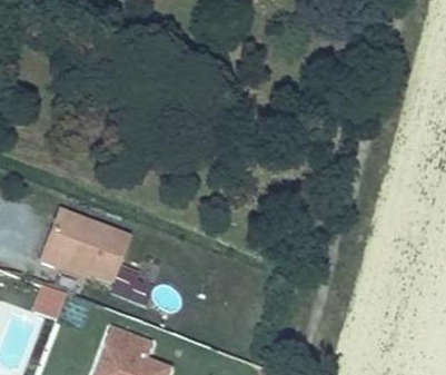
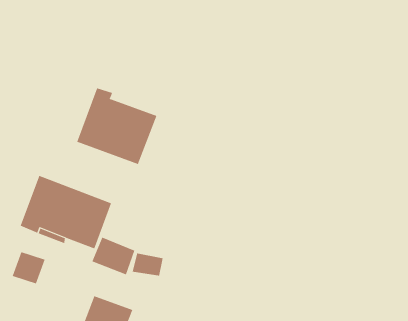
building: none -> [76,88,157,165]

